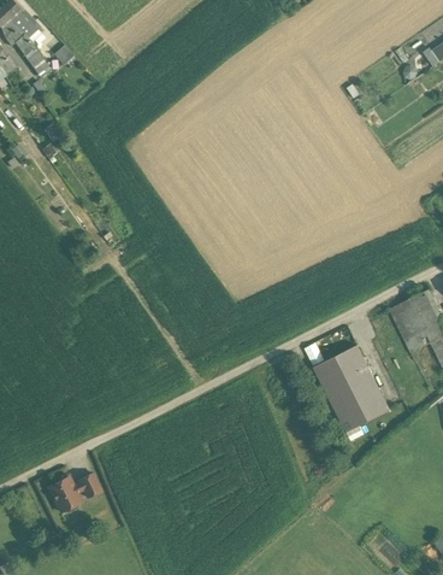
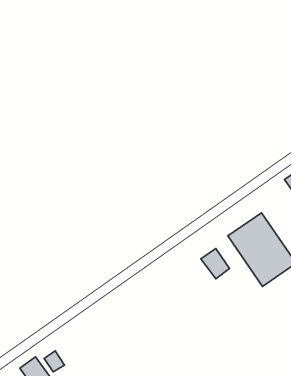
building: none -> [201,248,230,279]

